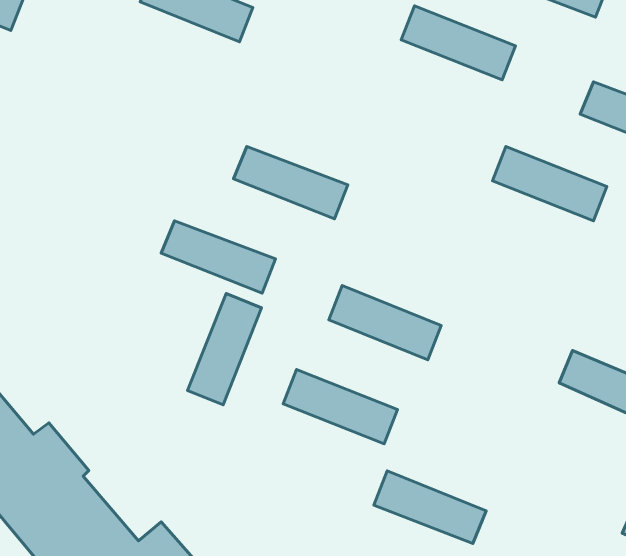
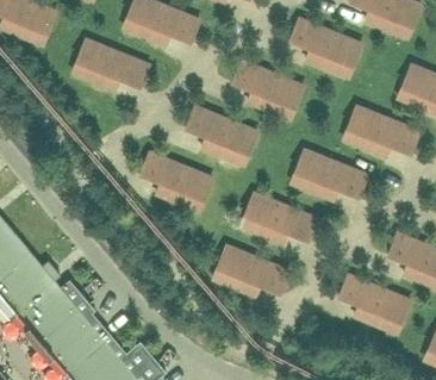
building: none -> [76,42,148,87]
building: none -> [231,62,301,108]
building: none -> [295,151,366,198]
building: [188,293,262,405] -> none
building: [374,471,486,543] -> [338,278,409,323]

